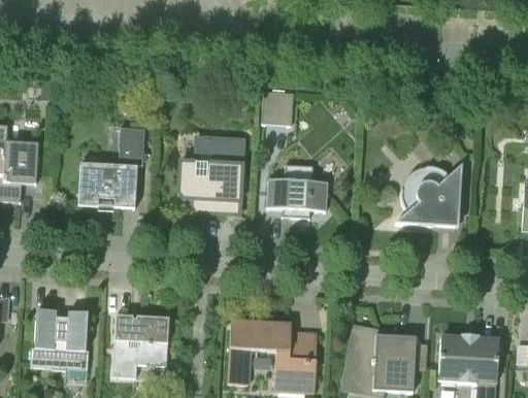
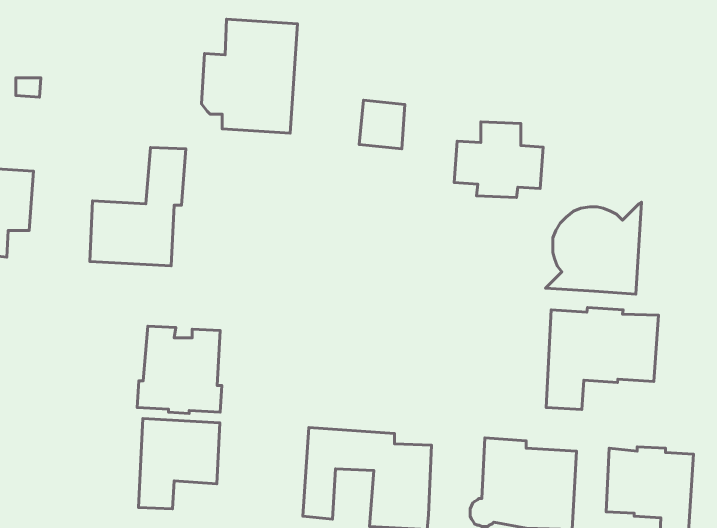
building: [176,134,243,213] -> [201,19,298,133]
building: [265,164,327,217] -> [454,122,543,197]
building: none -> [546,307,659,410]
building: [29,308,88,369] -> [137,326,222,414]

